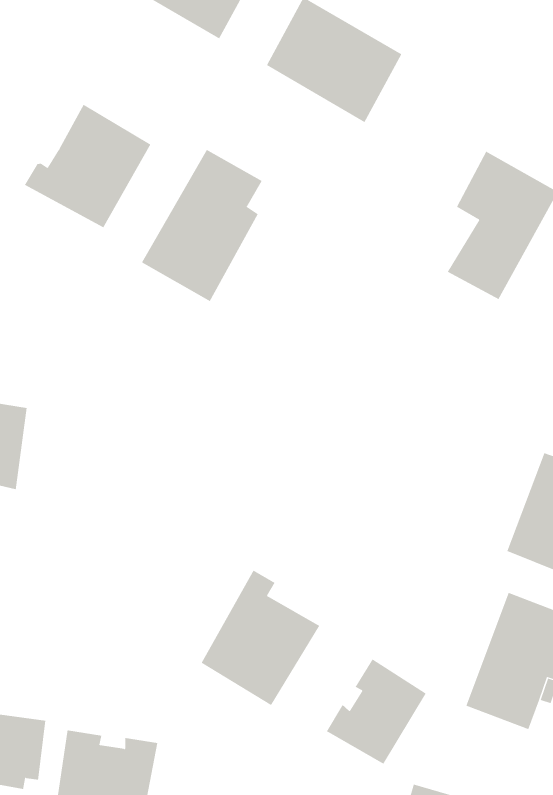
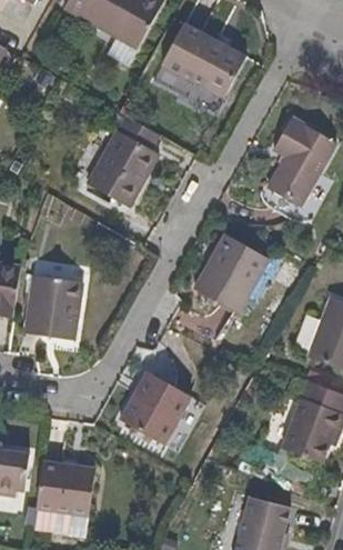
building: [24,104,151,228] -> none
building: none -> [193,237,269,314]
building: none -> [22,277,80,340]
building: [326,659,427,765] -> none

